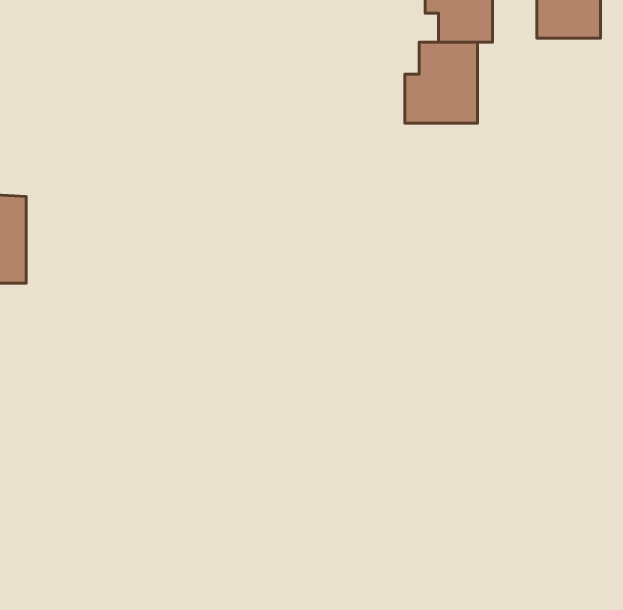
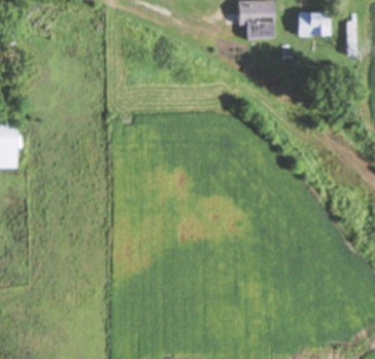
building: [405,42,478,123] -> none

